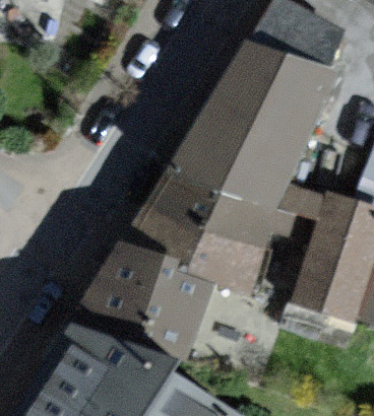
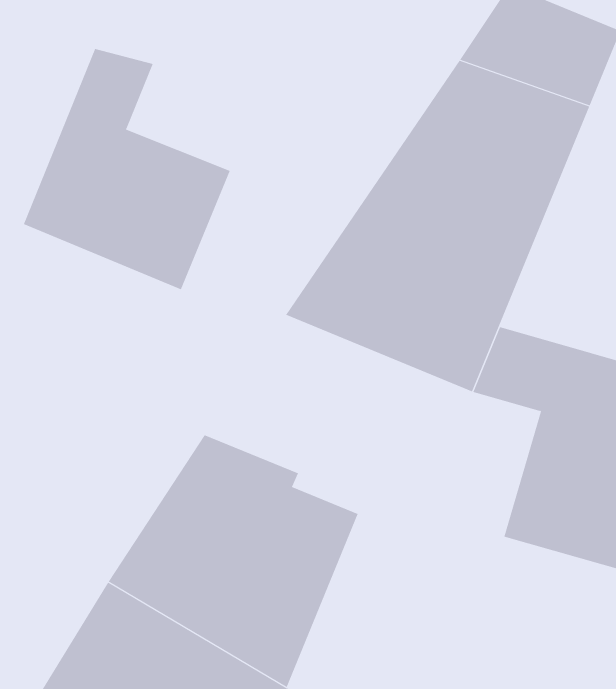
building: none -> [23,48,230,290]
building: [129,180,270,295] -> none

